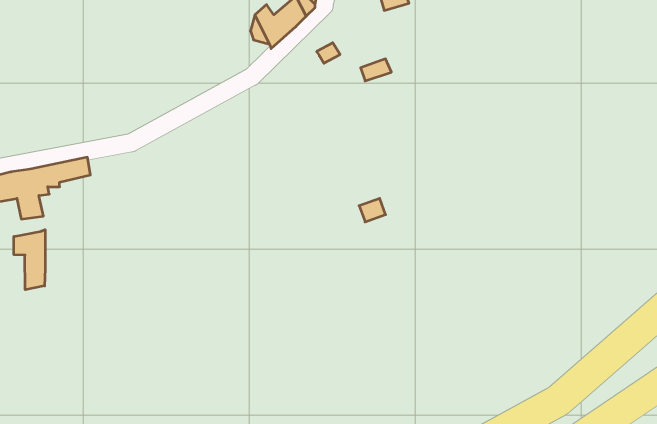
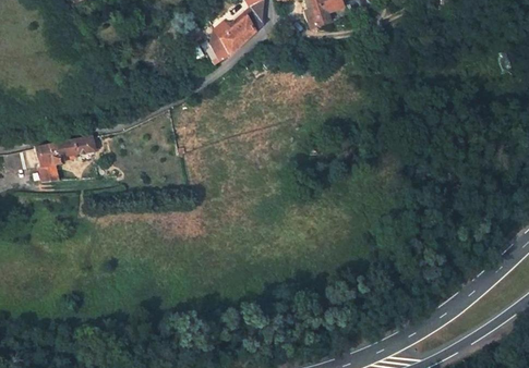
building: [14,230,45,290] -> none

